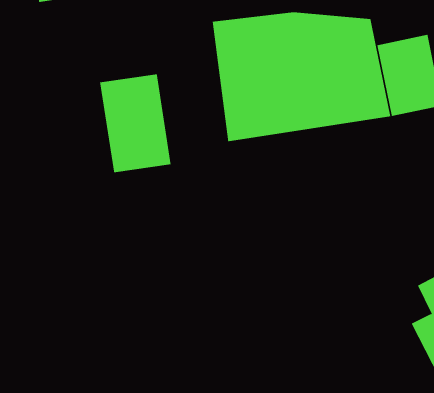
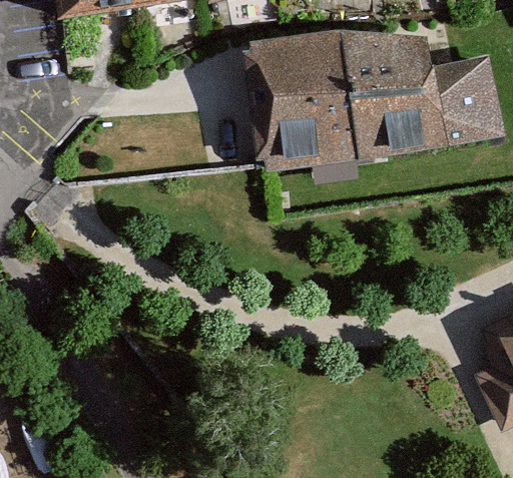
building: [100,73,171,173] -> none

